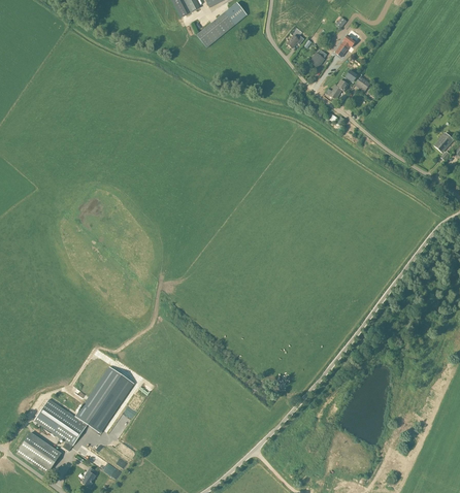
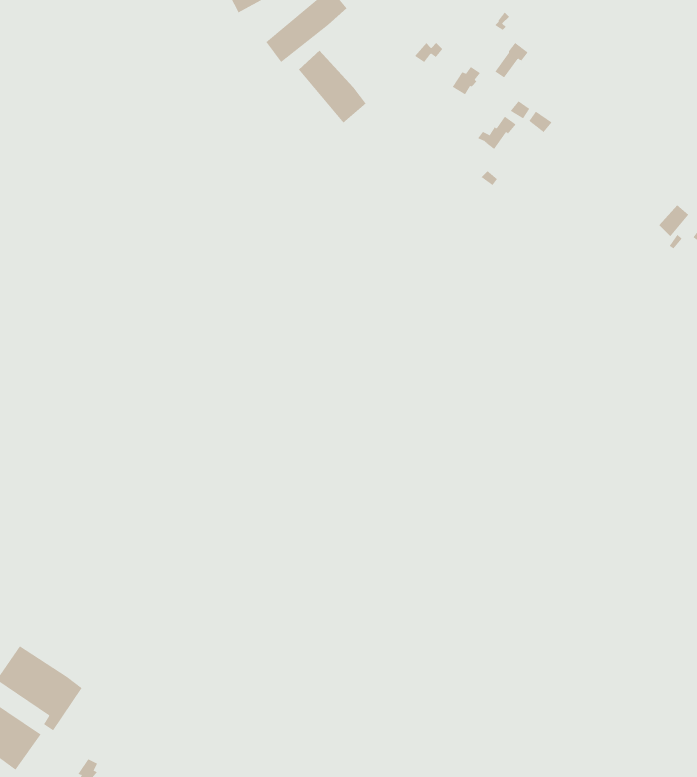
building: none -> [298,50,366,123]
building: [77,368,133,432] -> none

